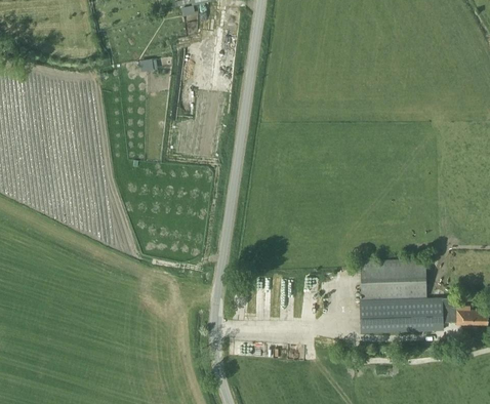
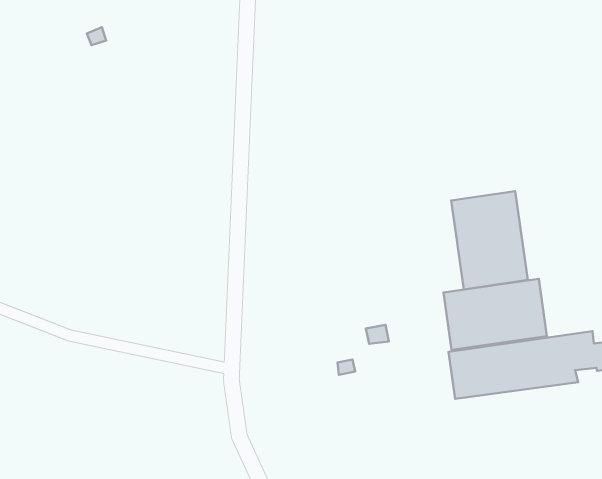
building: none -> [451,191,528,289]

